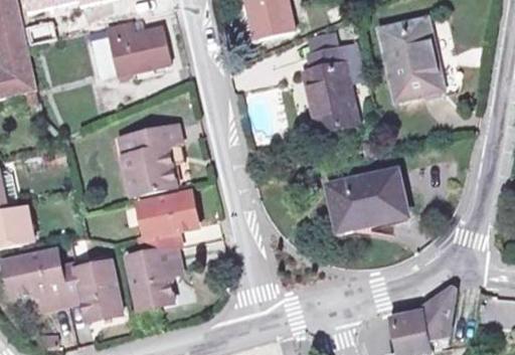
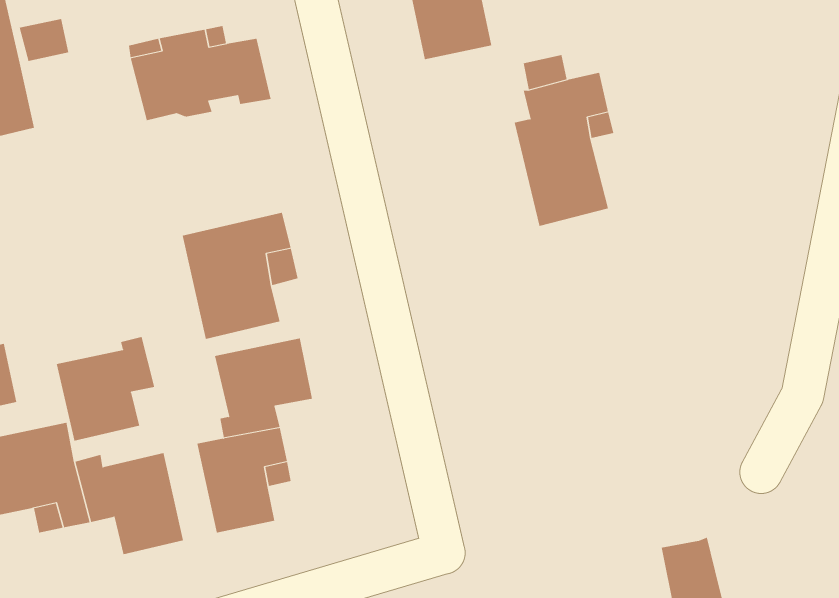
building: [380,22,443,102] -> none
building: [327,170,406,227] -> none
building: none -> [56,336,155,442]
building: [413,286,452,338] -> none

